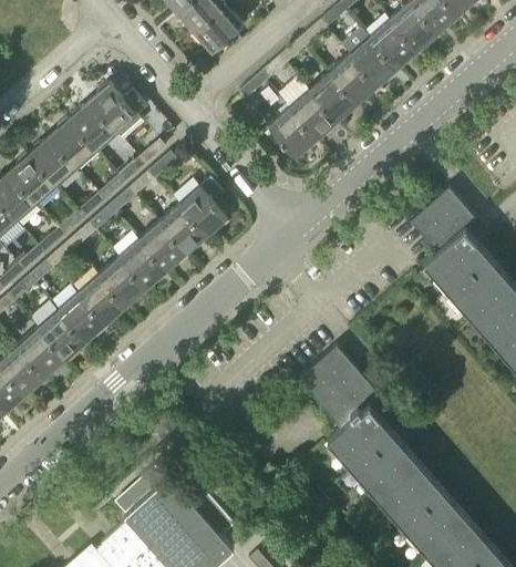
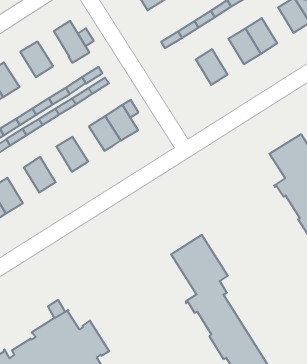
building: [369,21,415,70] -> none
building: [308,74,354,123] -> none
building: [69,102,115,150] -> none
building: [267,110,314,158] -> none
building: [28,137,74,185] -> none
building: [137,224,184,271] -> none
building: [97,258,144,307] -> none
building: [58,293,104,342] -> none

